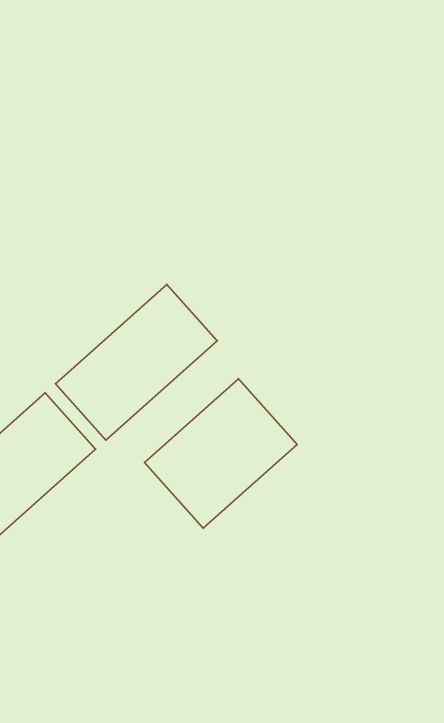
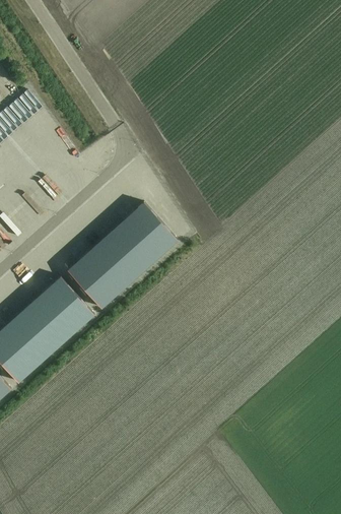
building: [145,379,297,528] -> none

